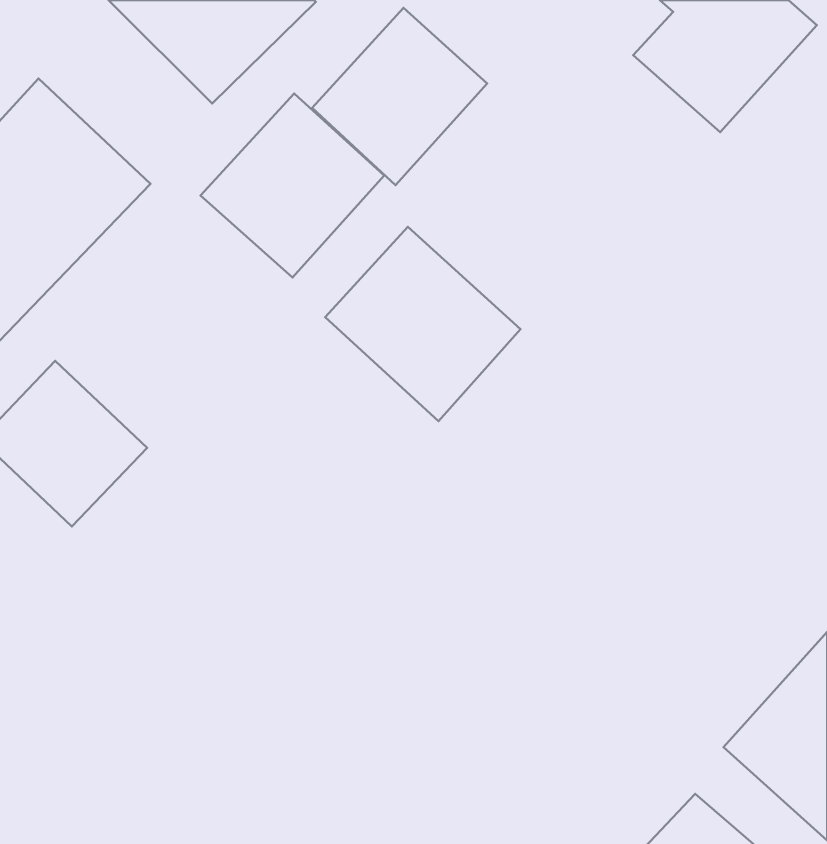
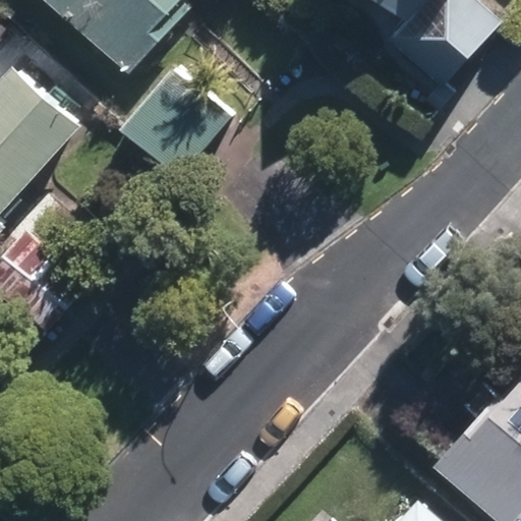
building: [312,8,487,185] -> none
building: [325,227,520,421] -> none

